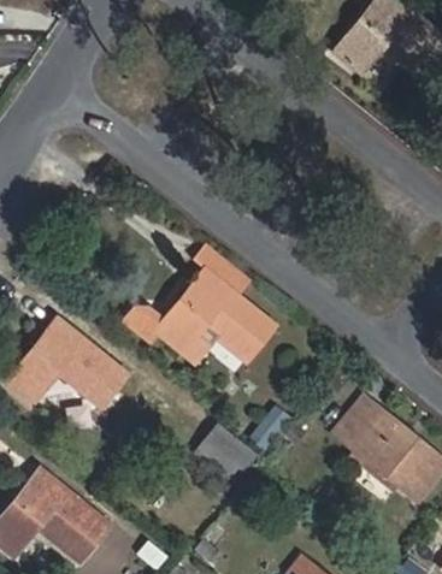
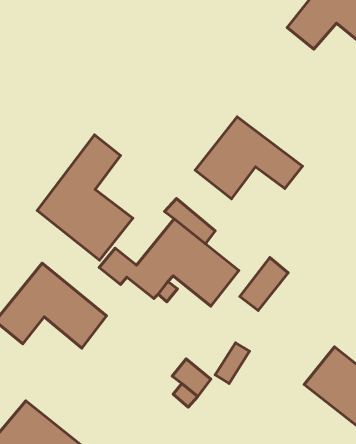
building: none -> [195,117,303,199]
building: none -> [37,135,133,260]
building: [330,392,384,451] -> [240,258,288,310]

